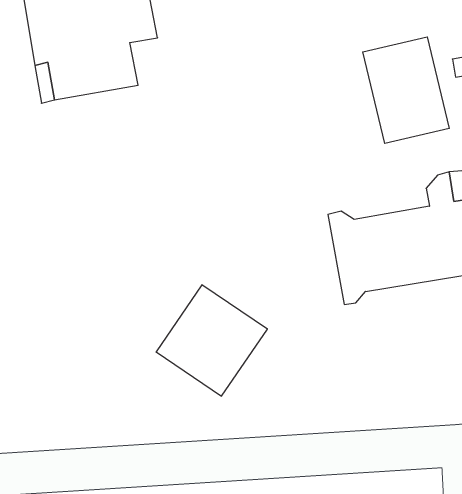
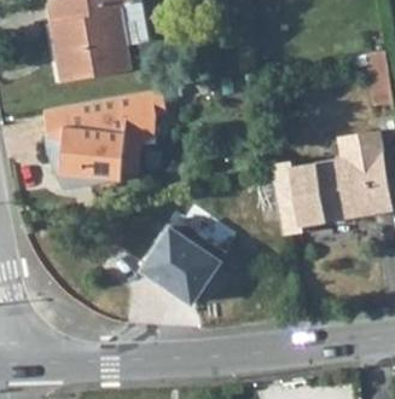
building: [363,37,449,143] -> none
building: none -> [42,91,165,189]

